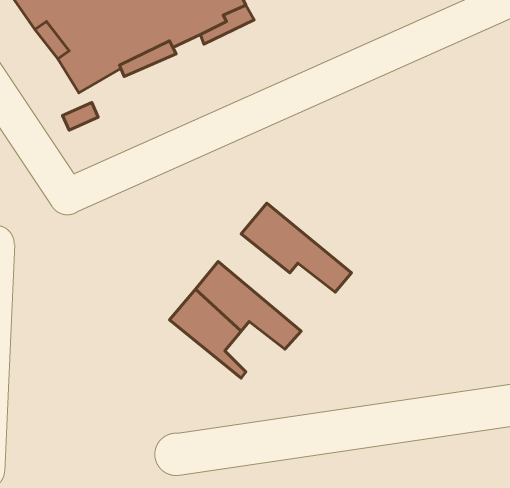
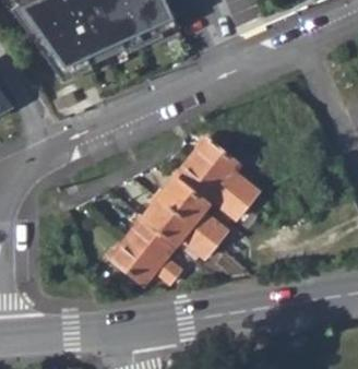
building: none -> [190,138,255,204]
building: none -> [157,178,223,243]
building: none -> [109,236,172,283]

